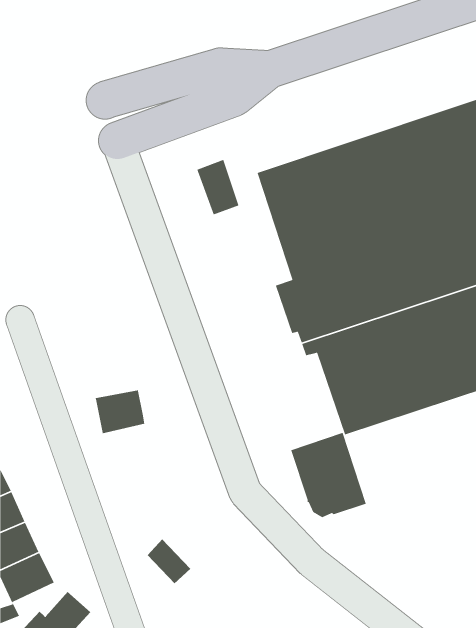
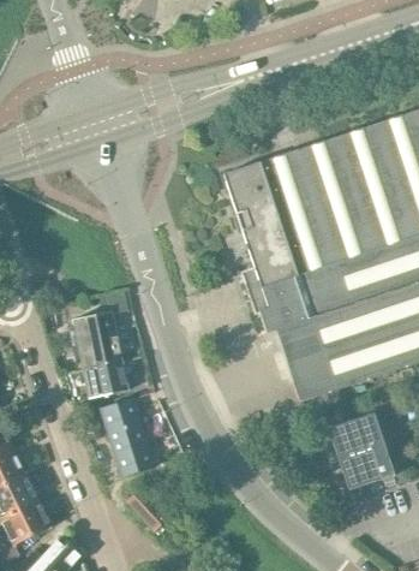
building: [196,159,239,216] -> none
building: none -> [74,313,122,369]
building: [290,432,367,518] -> [329,412,395,487]
building: none -> [103,400,152,476]

